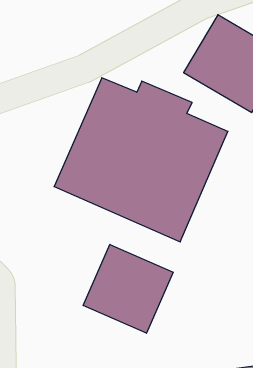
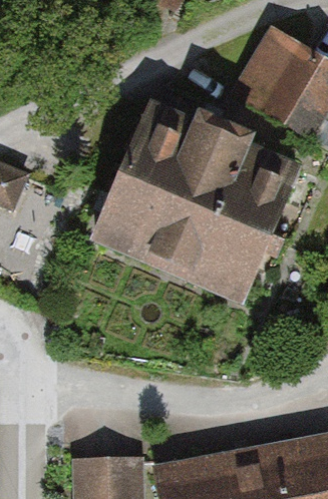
building: [83,244,173,333] -> none

